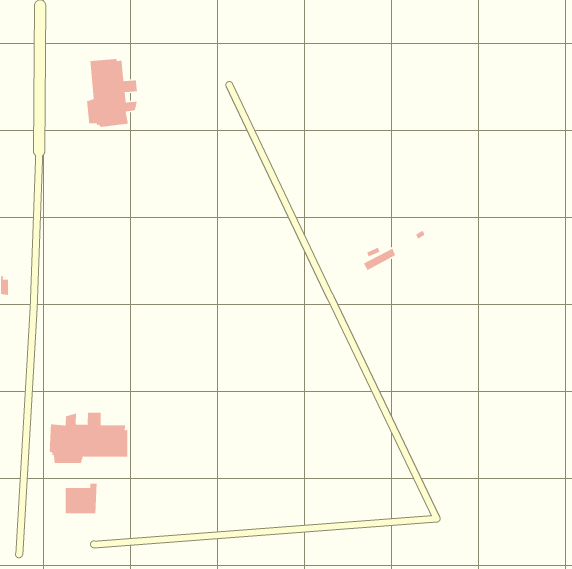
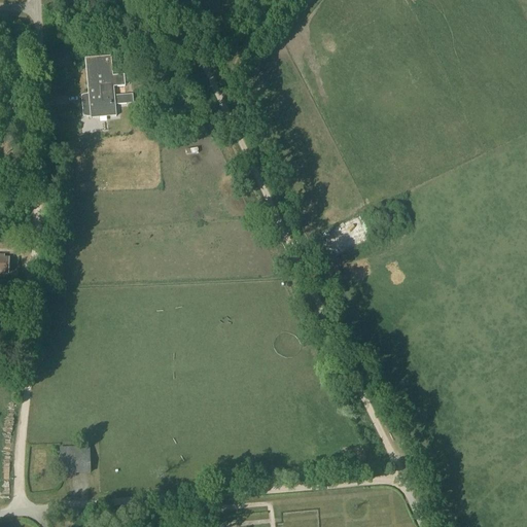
building: [49,412,128,464] -> none

